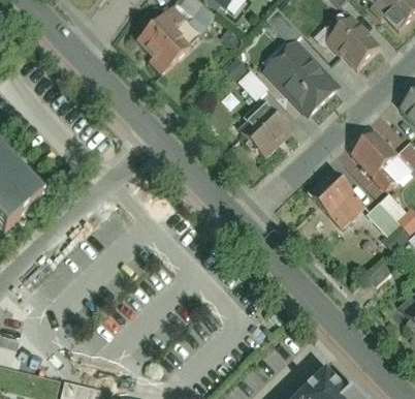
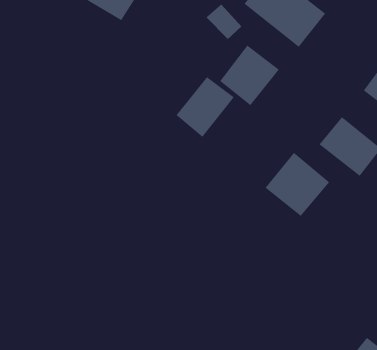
building: none -> [175,76,235,138]
building: none -> [264,152,330,217]

